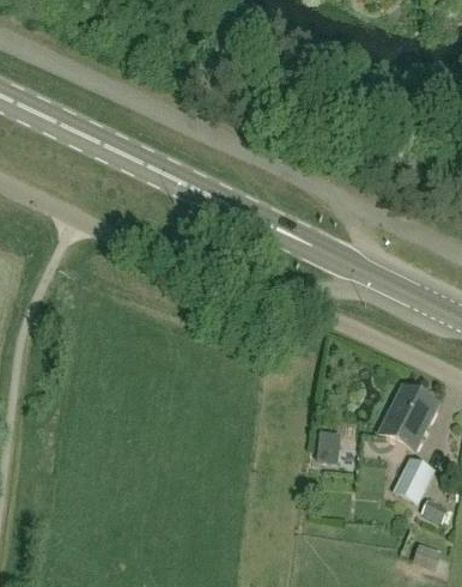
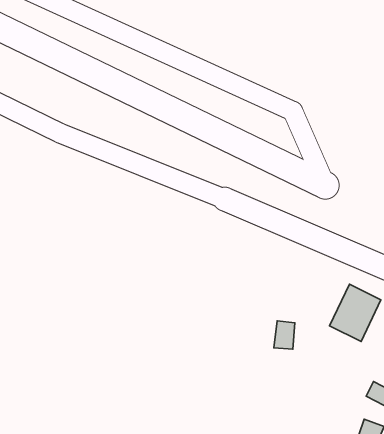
building: [394,458,434,503] -> none

